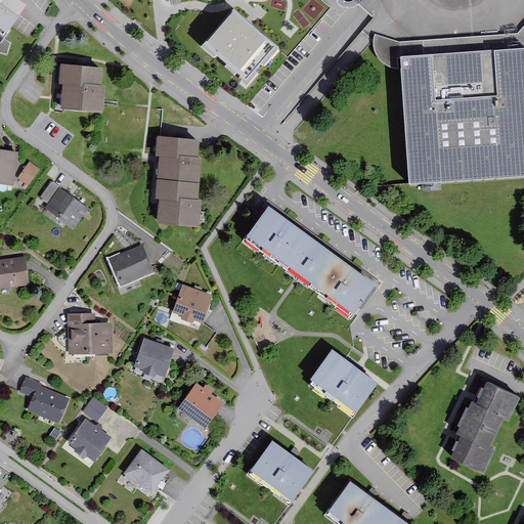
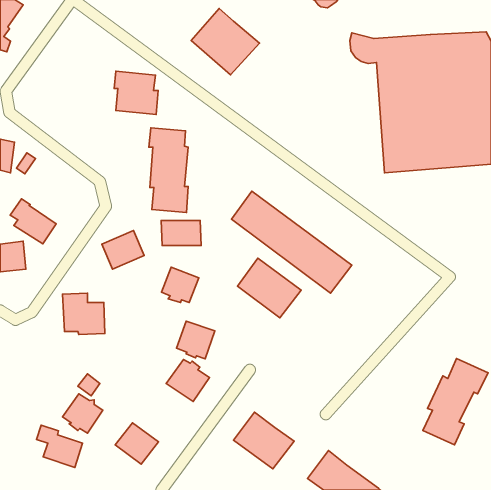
building: [57,64,104,111] -> [114,71,158,114]
building: [39,181,88,229] -> [10,199,56,244]
building: none -> [161,220,201,245]
building: [133,338,174,378] -> [176,321,215,359]
building: [310,348,378,411] -> [238,258,301,318]
building: [19,379,69,424] -> [36,425,83,467]

